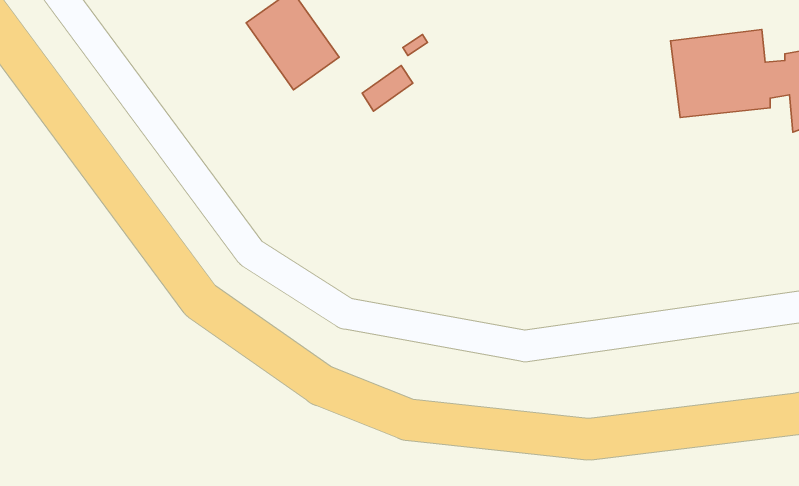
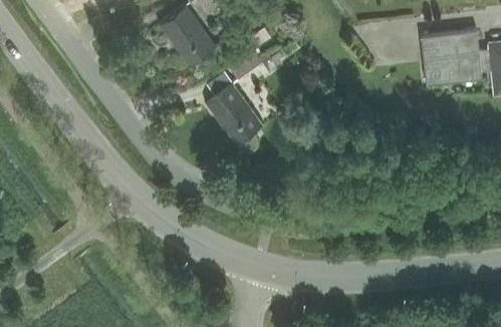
building: none -> [205,83,262,153]

